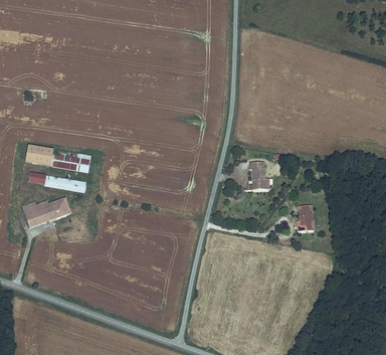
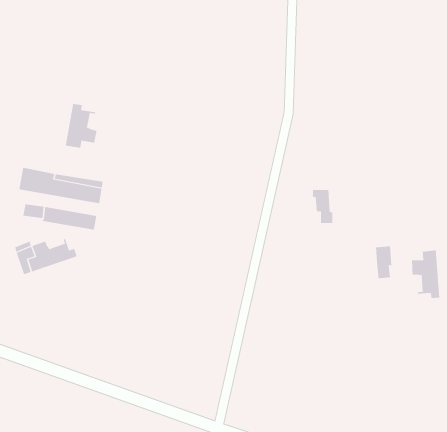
building: none -> [65,103,97,149]
building: none -> [411,250,440,299]

